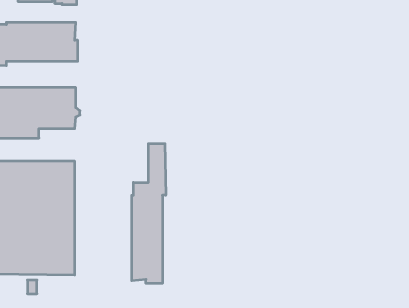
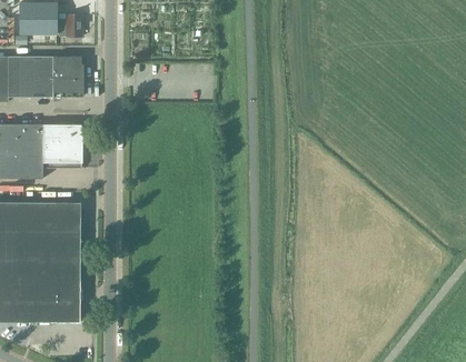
building: [132,144,166,283] -> none

